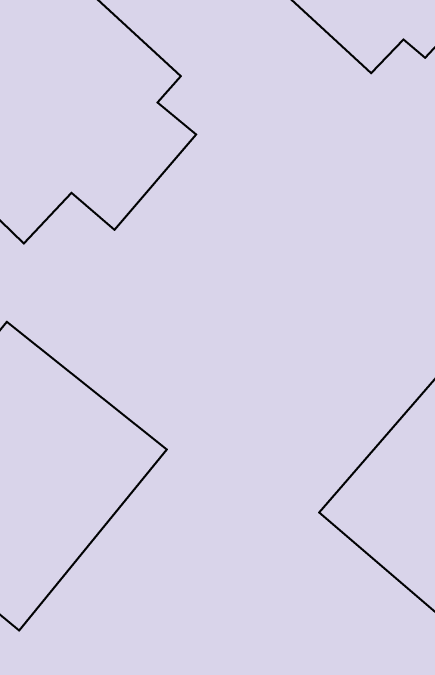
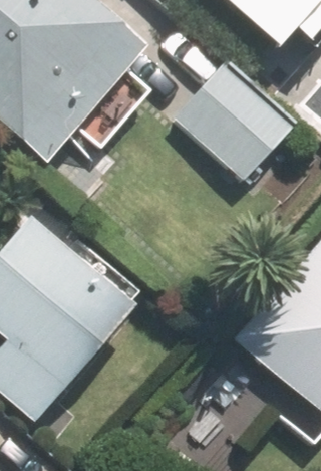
building: none -> [179,65,291,174]

